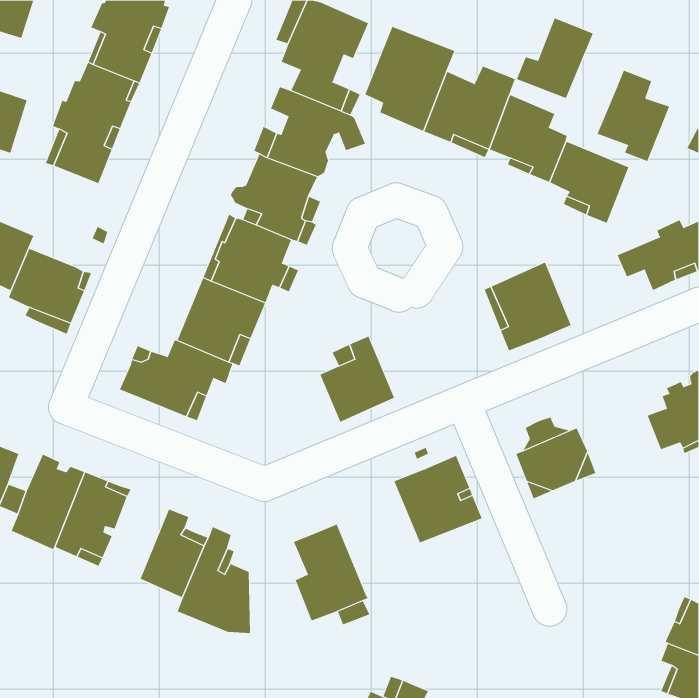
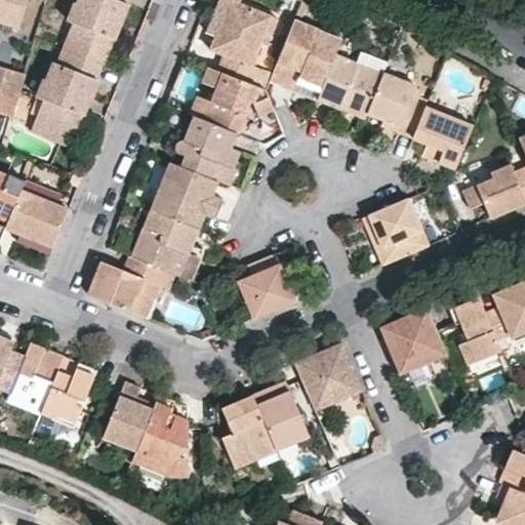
building: [516,18,593,99] -> none
building: [597,69,670,162] -> none
building: none -> [448,297,499,364]
building: none -> [252,379,307,448]

